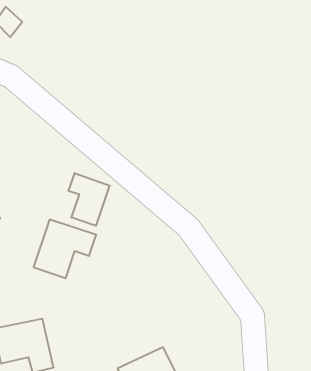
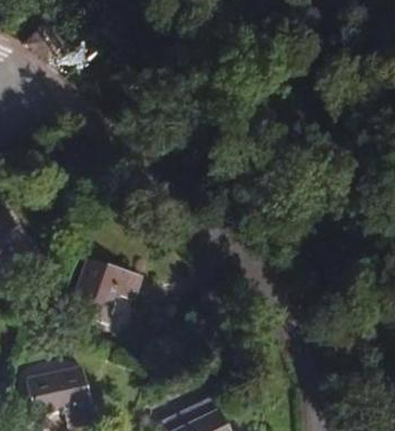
building: [69,173,110,226] -> none

